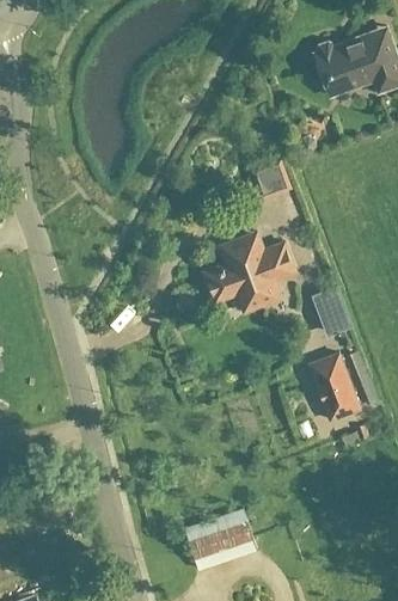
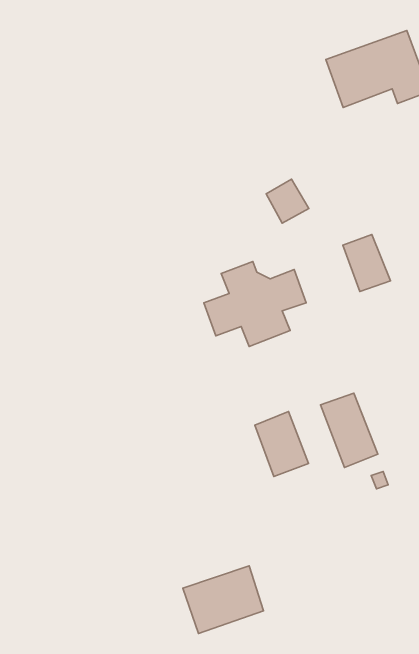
building: [310,284,353,336] -> [343,235,390,292]
building: none -> [255,411,308,476]

